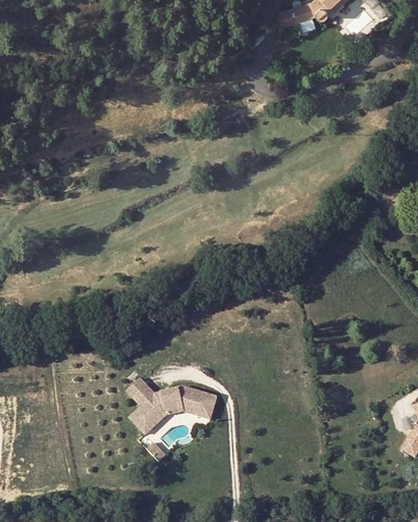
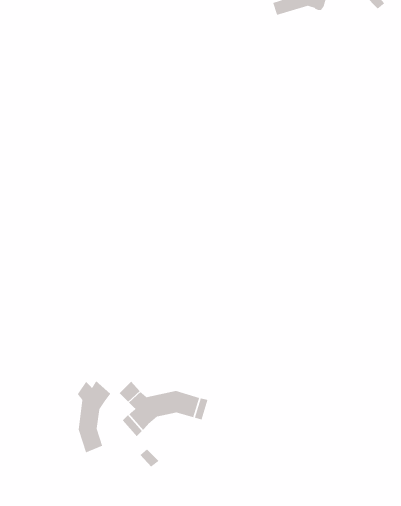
building: none -> [77,380,111,454]

